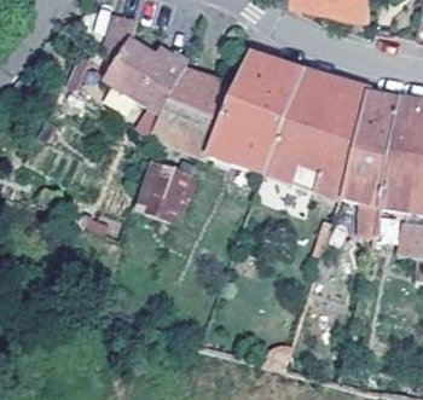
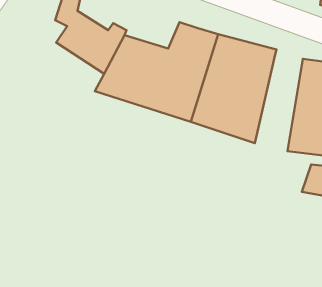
building: [341,95,398,237] -> none
building: [137,164,196,226] -> none

